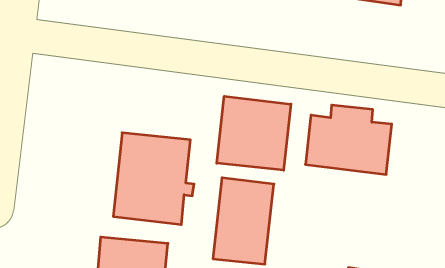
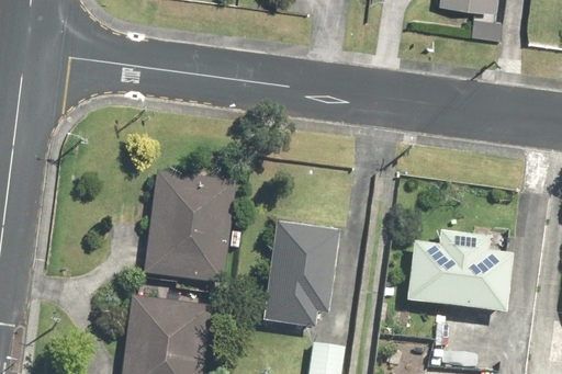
building: [217,96,291,170] -> none
building: [305,105,392,174] -> [409,231,515,316]

